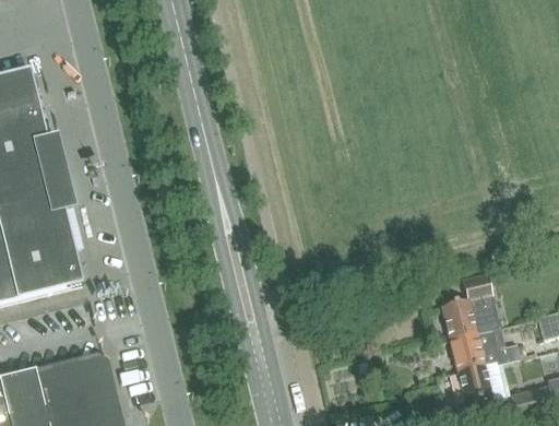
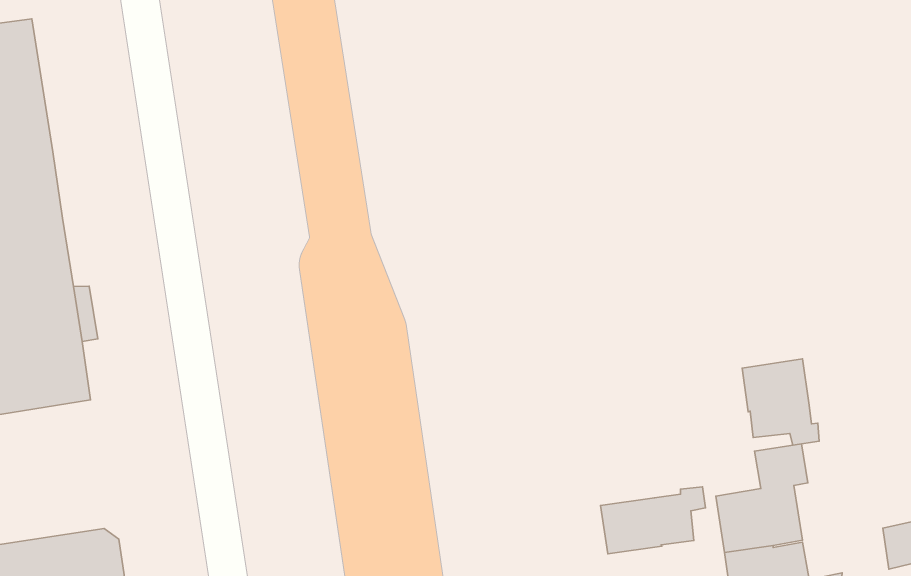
building: none -> [742,359,819,445]
building: none -> [601,487,706,554]

